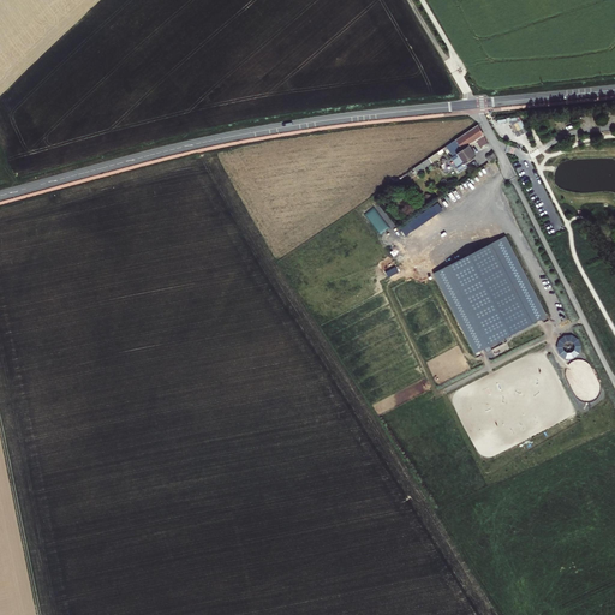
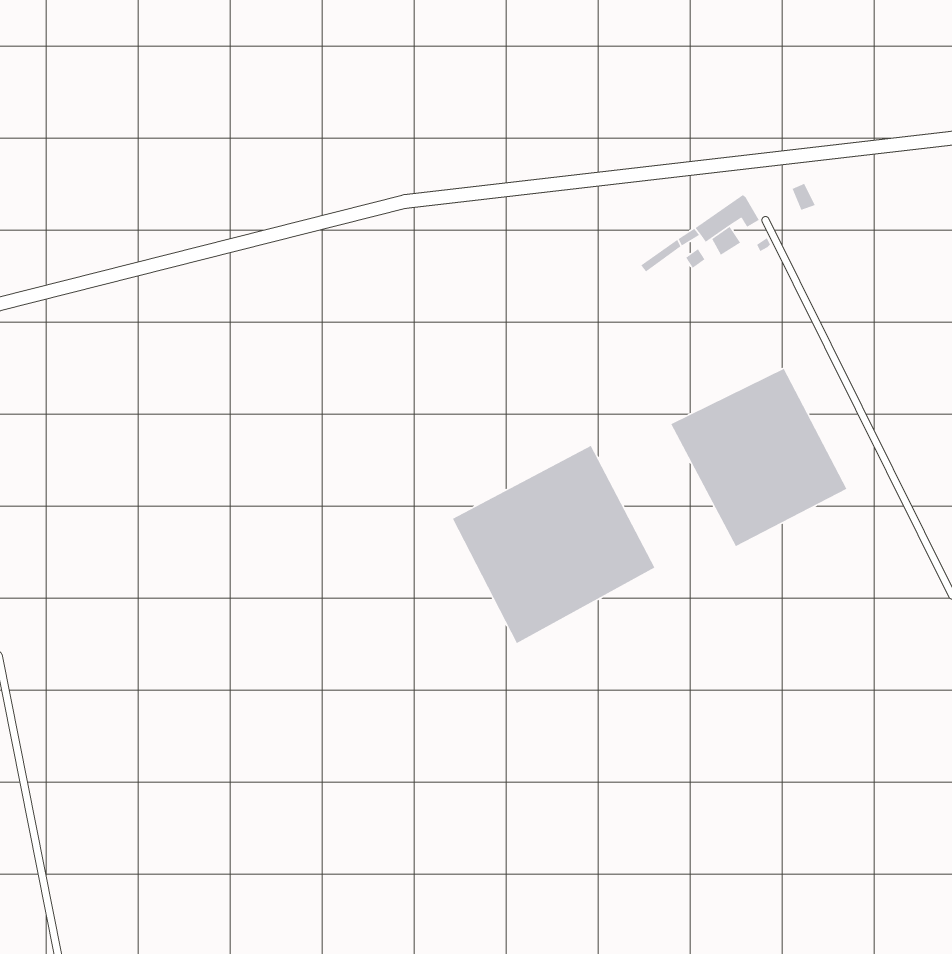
building: none -> [452,445,655,644]

